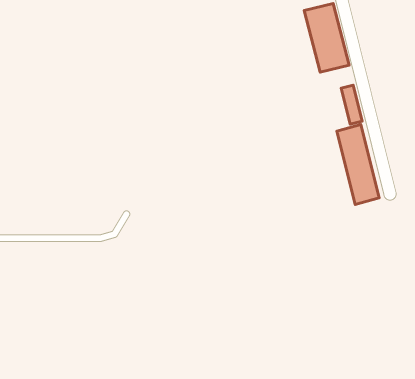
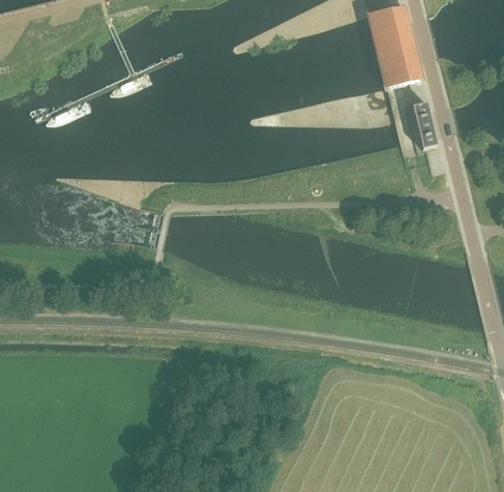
building: [337,125,379,204] -> none

